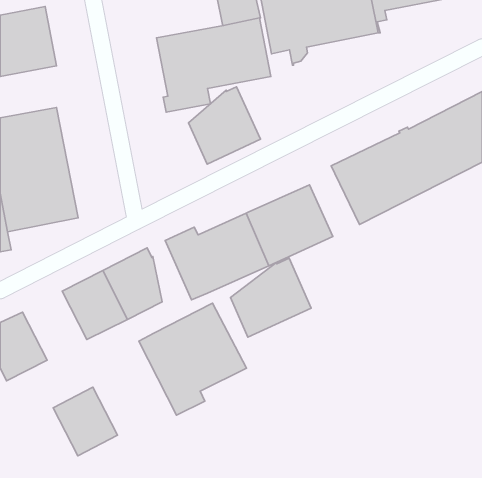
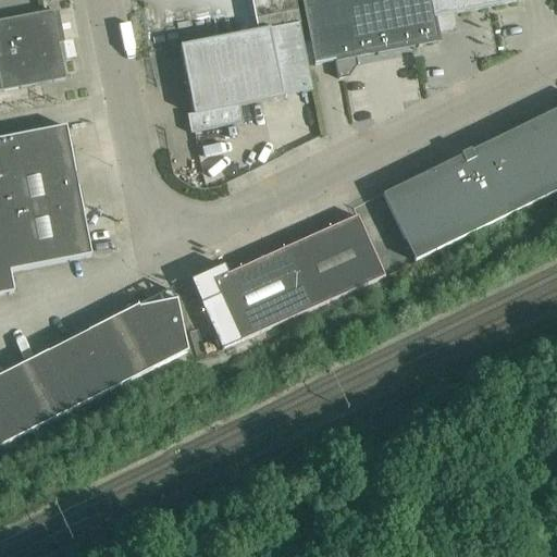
building: [188,87,260,164] -> none
building: [230,258,311,337] -> none
building: [139,303,246,415] -> none
building: [53,387,117,456] -> [26,336,100,416]

